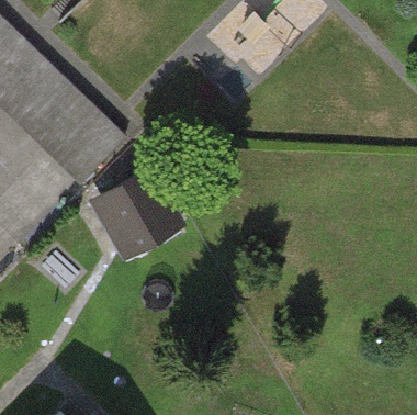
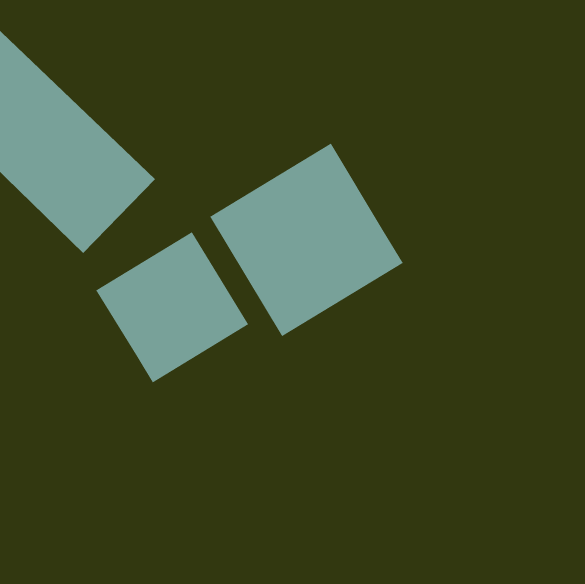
building: none -> [209,143,404,337]

